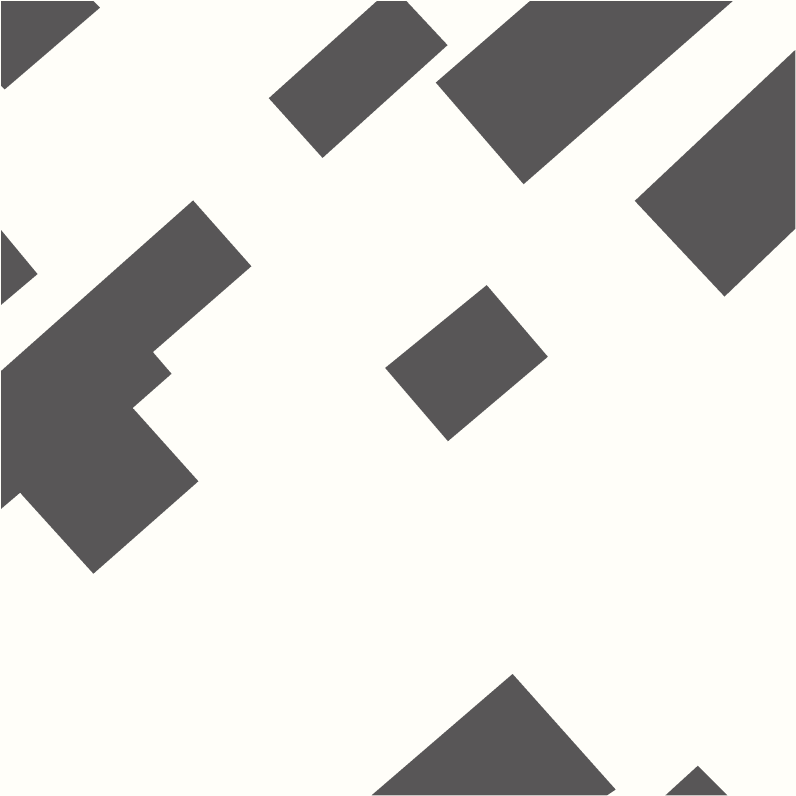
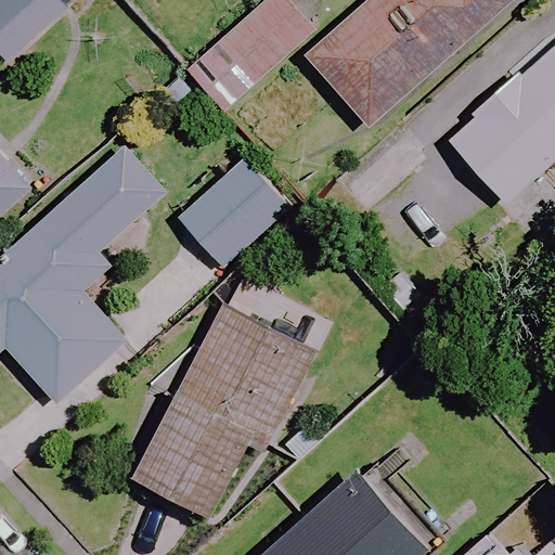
building: [384,284,549,443] -> [188,153,302,263]
building: none -> [124,286,318,519]

